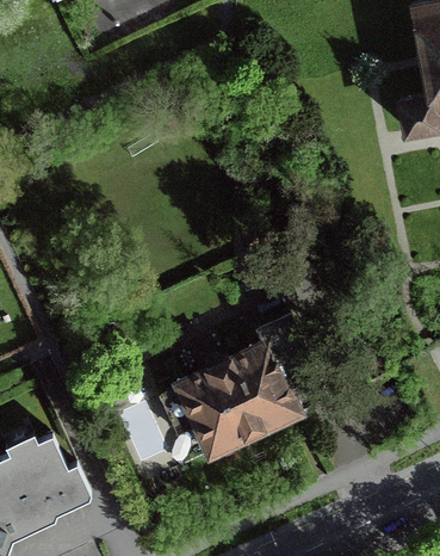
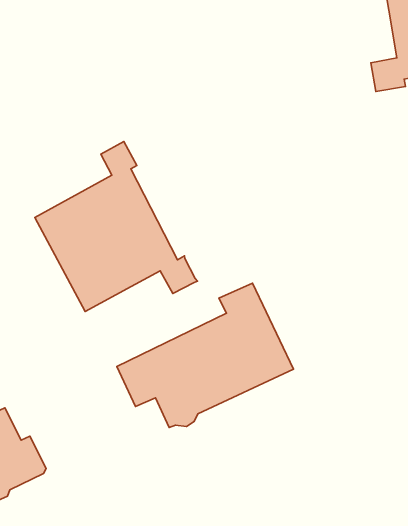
building: none -> [35,142,197,312]

